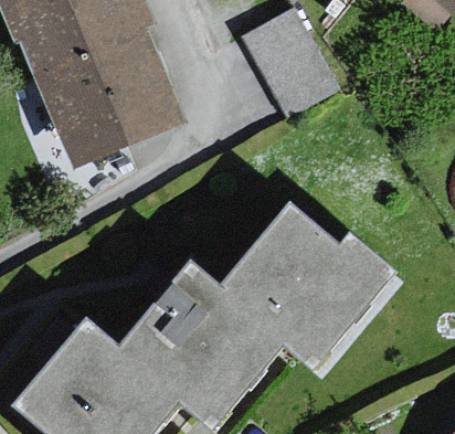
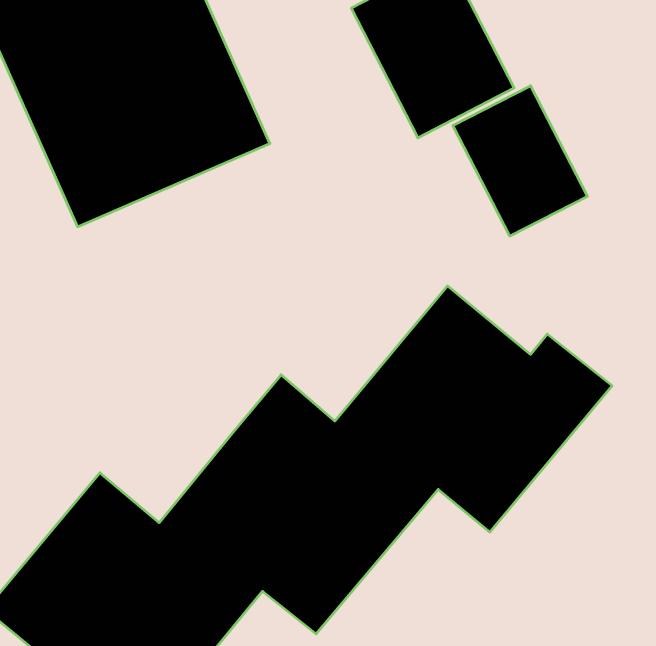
building: none -> [453,86,587,236]

